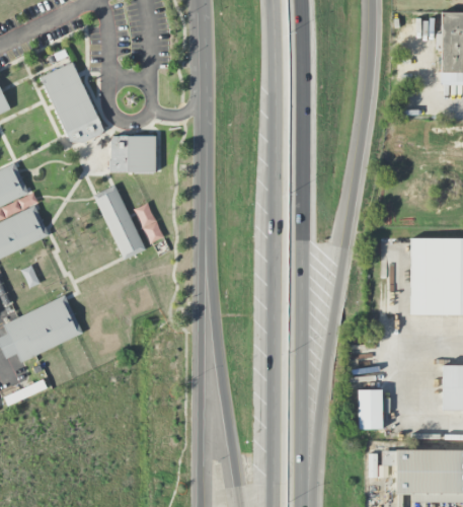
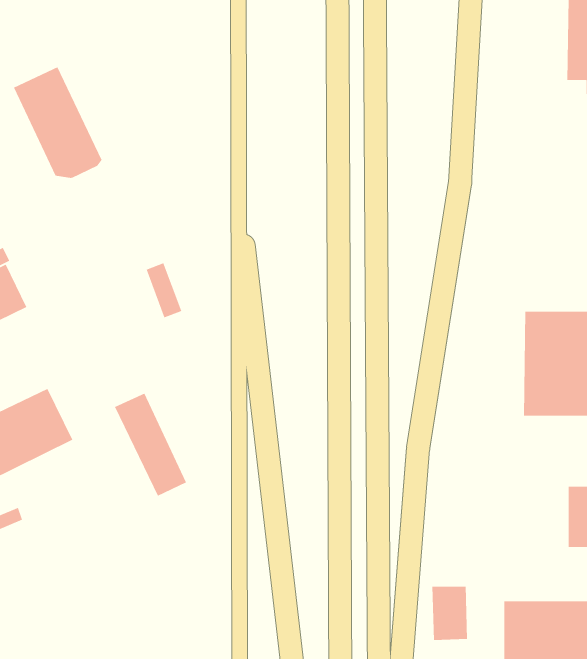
building: [109,136,156,172] -> none
building: [93,186,146,261] -> [114,393,187,496]
building: [357,390,383,430] -> [432,586,468,641]

